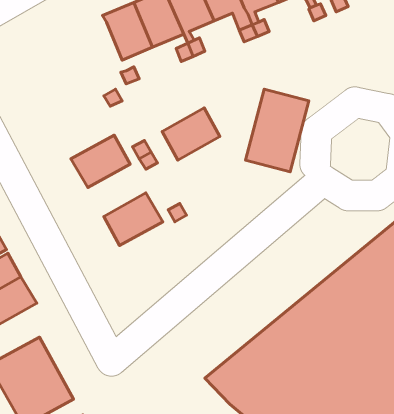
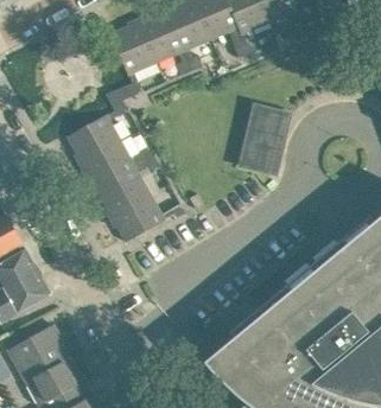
building: none -> [66,115,120,164]
building: [162,108,220,160] -> [96,168,148,216]

